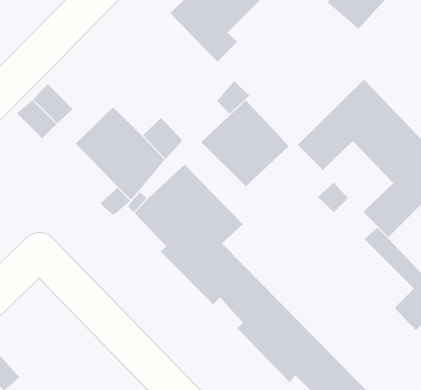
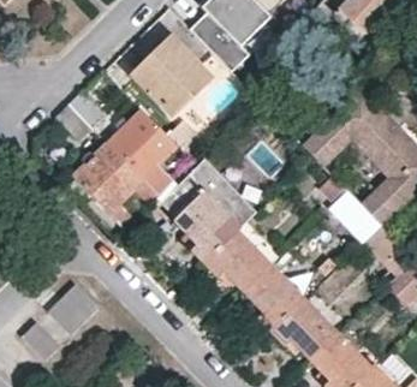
building: [201,100,290,187] -> [133,35,212,112]
building: none -> [72,142,141,224]
building: none -> [48,285,99,334]

